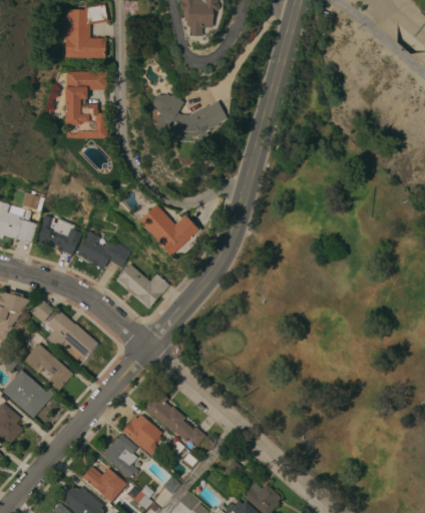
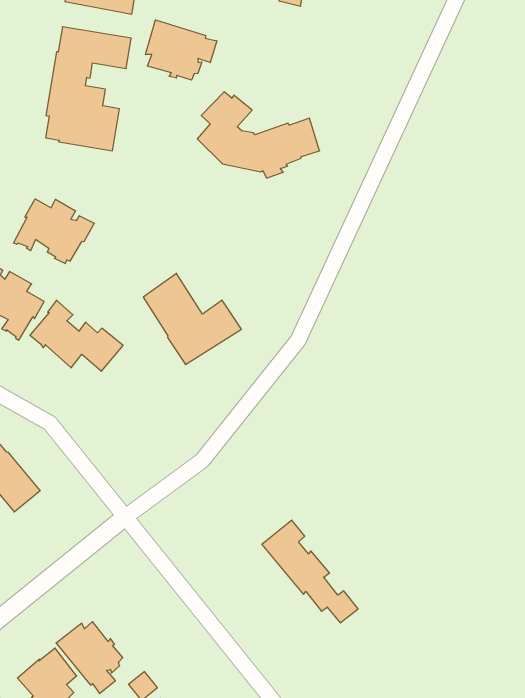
building: none -> [146,20,217,80]
building: none -> [14,199,94,264]
building: [115,264,168,309] -> none
building: [143,390,205,445] -> [262,520,358,623]

